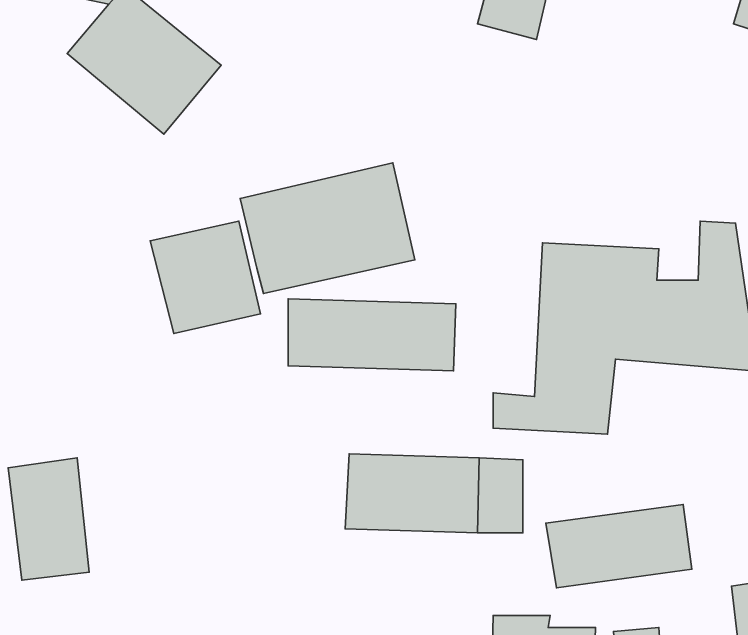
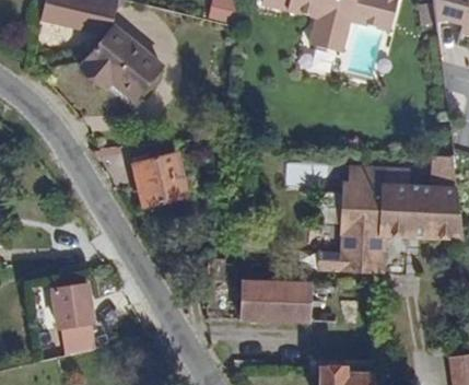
building: [240,163,415,294] -> none
building: [288,299,456,371] -> none
building: [546,504,692,588] -> none

